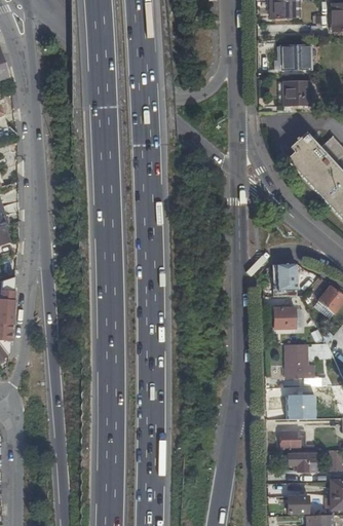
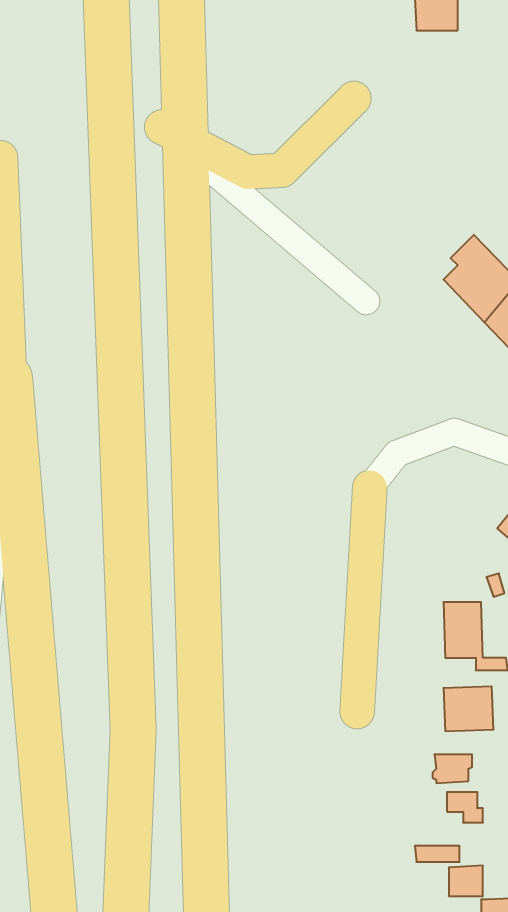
building: [282,46,312,69] -> none
building: [283,82,311,104] -> none
building: [277,264,298,296] -> none
building: [275,305,296,329] -> none

